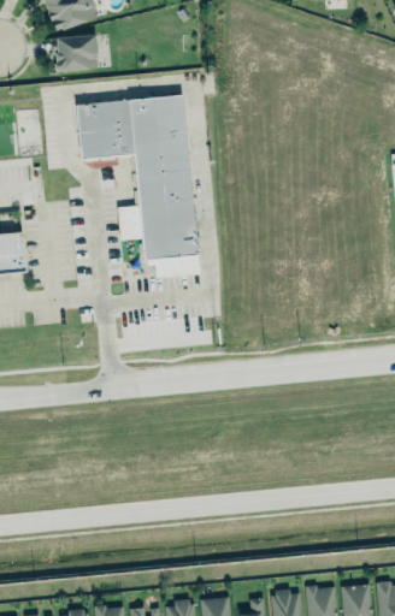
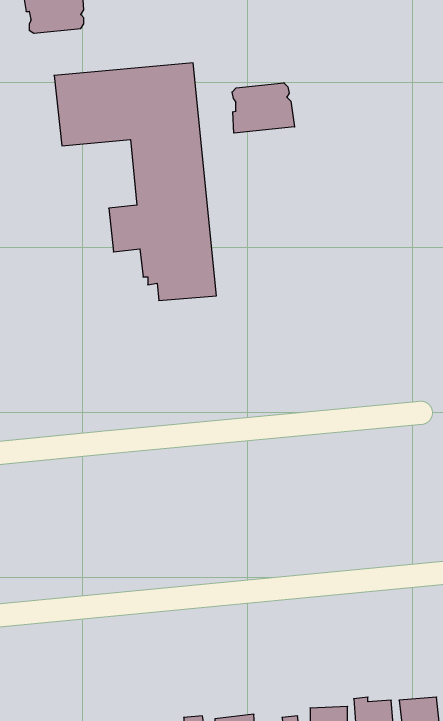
building: none -> [232,83,295,133]

